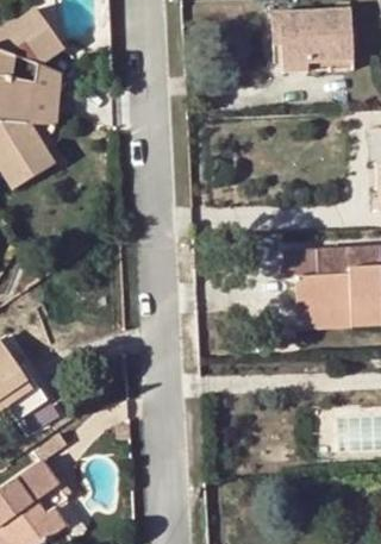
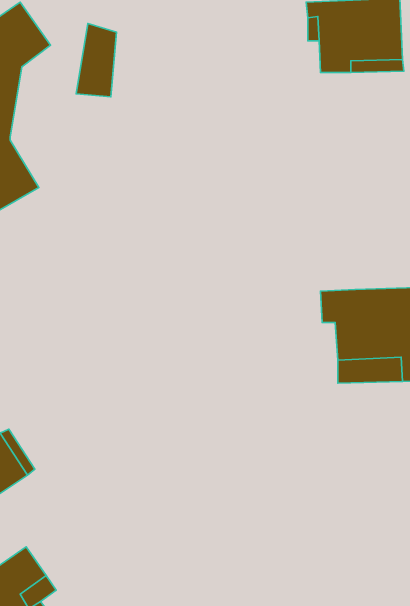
building: [26,64,60,125] -> [76,23,117,97]

